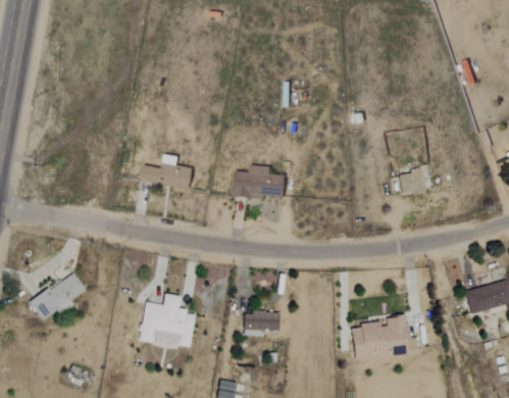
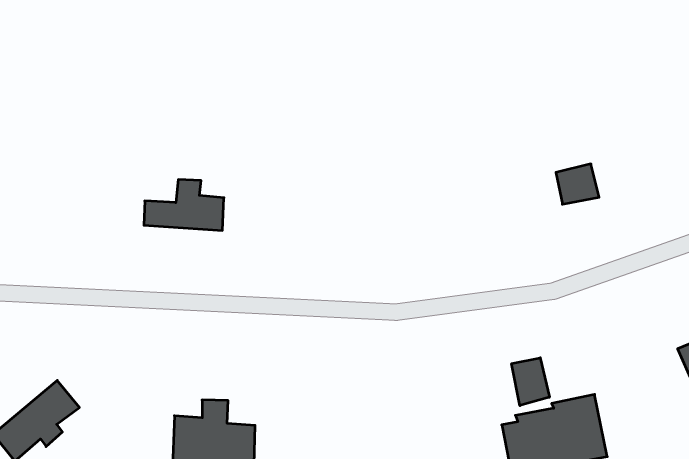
building: [231,166,283,198] -> none
building: none -> [512,358,549,406]
building: [244,311,279,335] -> none

